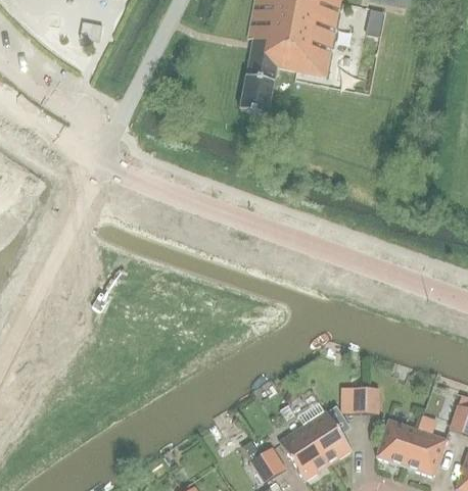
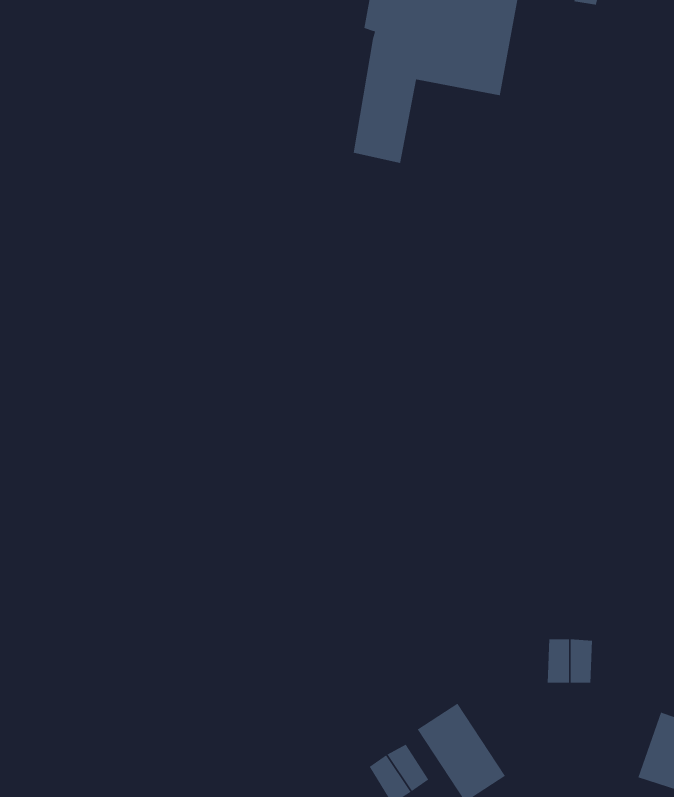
building: [302,408,354,465] -> none
building: [377,420,419,467] -> none

